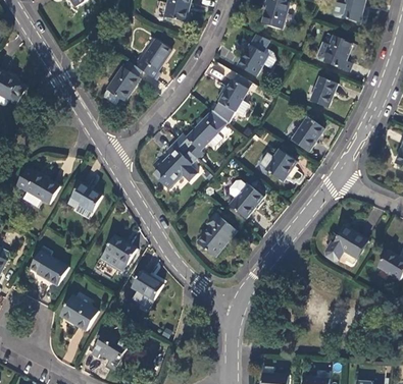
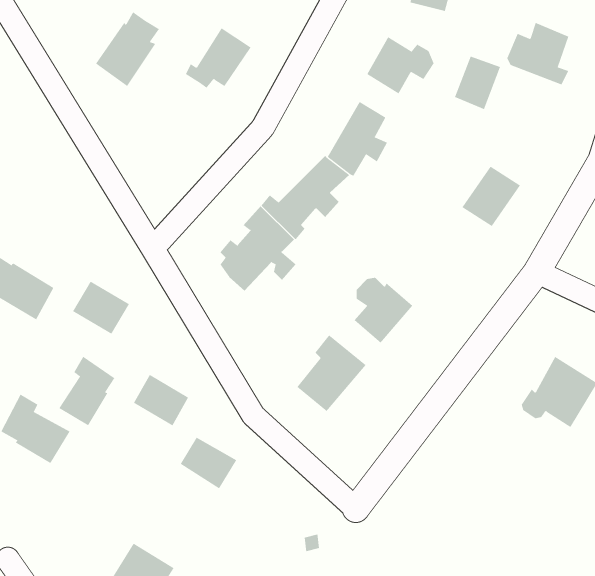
building: [105,59,142,102] -> [95,11,160,87]
building: [310,76,337,107] -> [454,56,501,110]
building: [265,149,297,180] -> none
building: none -> [59,356,115,426]
building: [59,294,97,330] -> none

